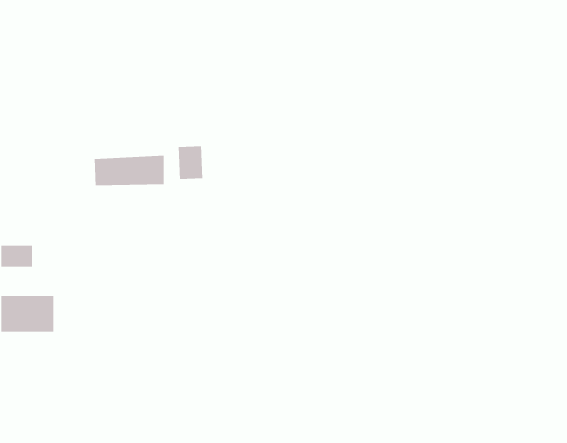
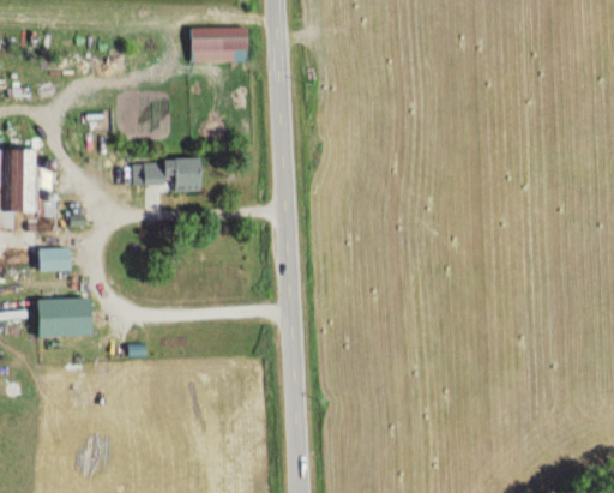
building: none -> [189,28,247,62]
building: [178,145,203,180] -> none

